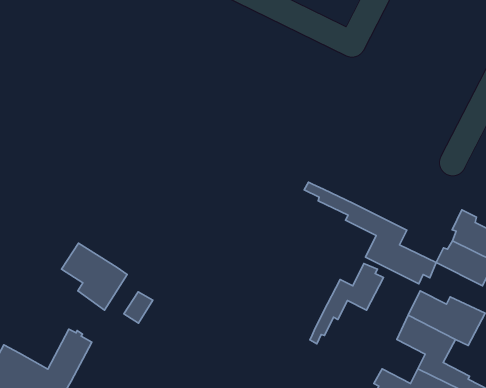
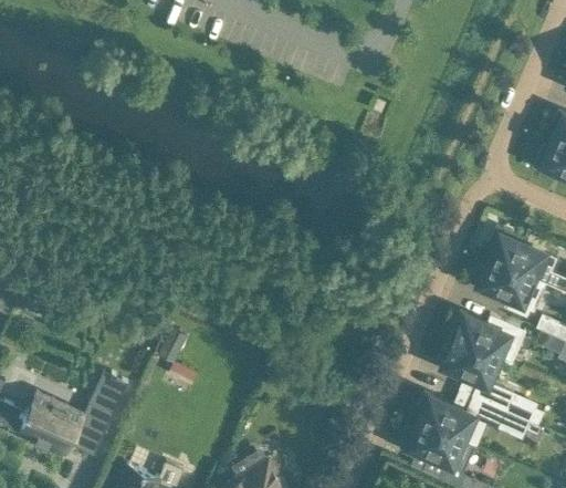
building: [304,182,436,284] -> none
building: [62,243,127,310] -> none
building: [310,263,383,344] -> none

